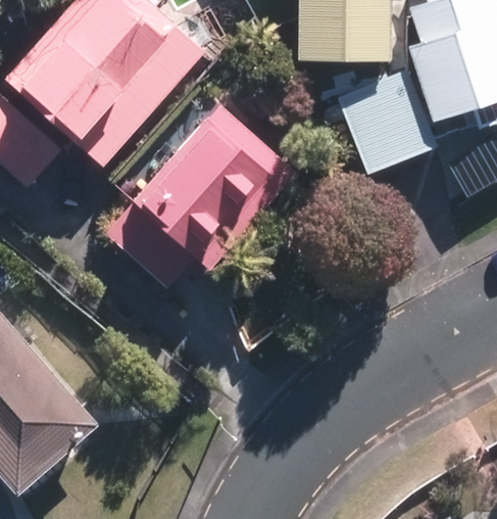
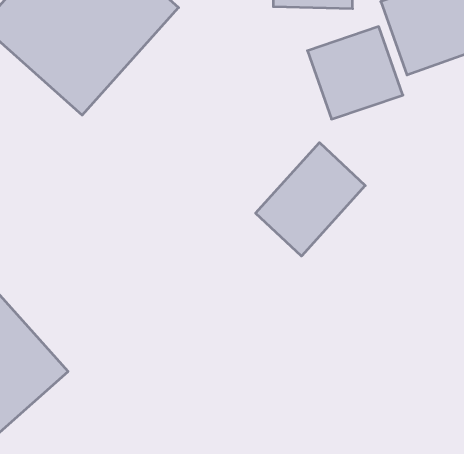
building: [135,116,292,275] -> none
building: none -> [256,143,365,256]

